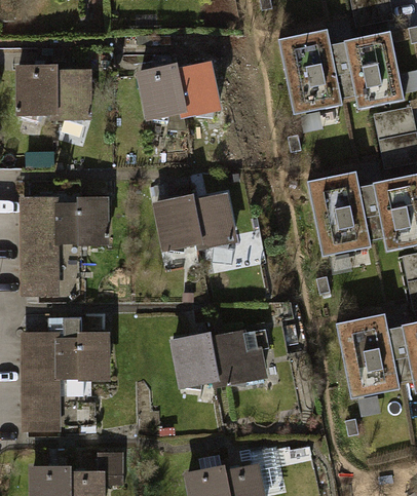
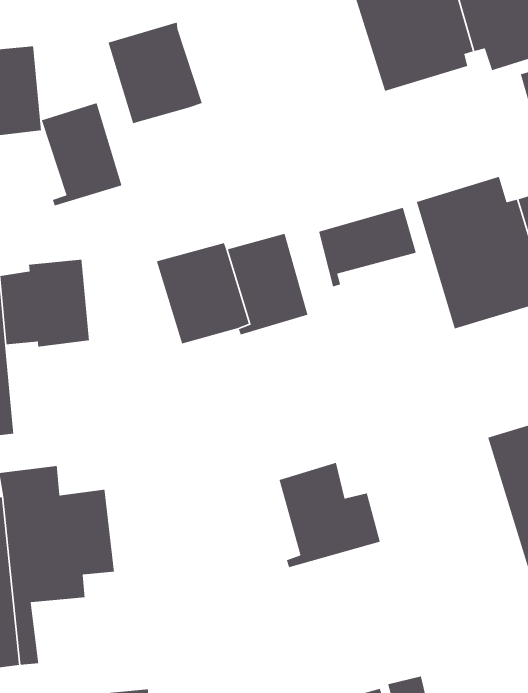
building: [177,60,221,118] -> [41,102,123,206]
building: none -> [318,207,417,287]
building: [168,332,219,389] -> none

